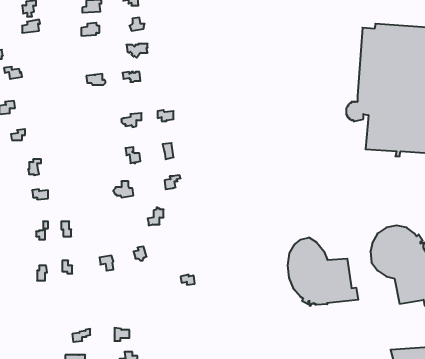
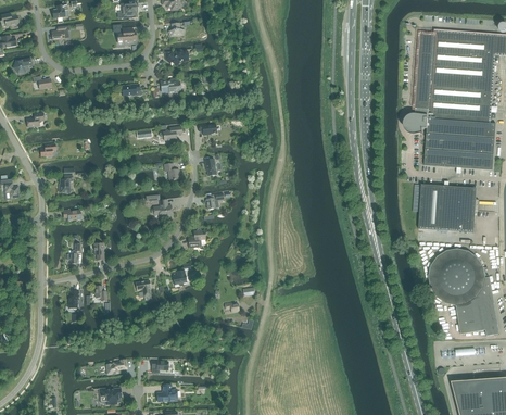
building: none -> [419,181,477,232]
building: [288,237,358,306] -> none

